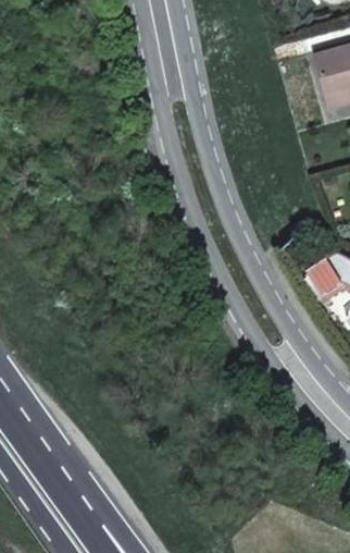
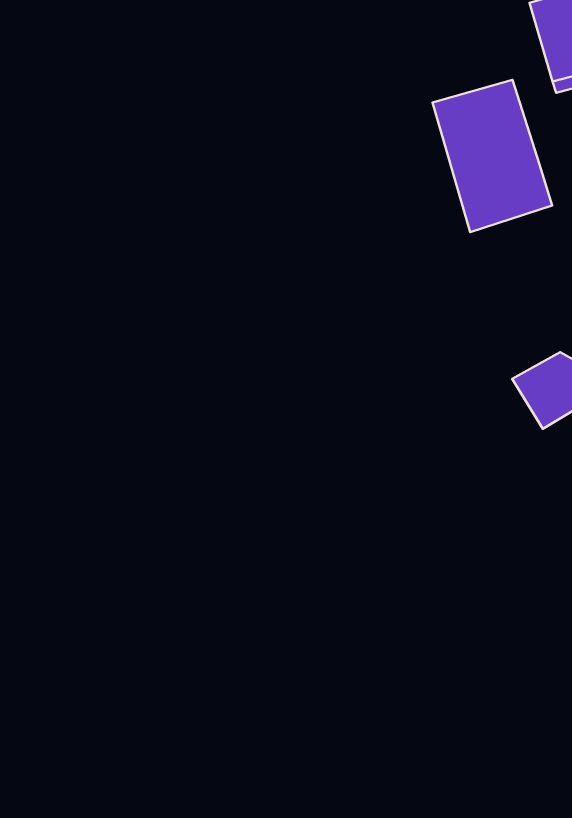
building: none -> [433,80,552,232]

